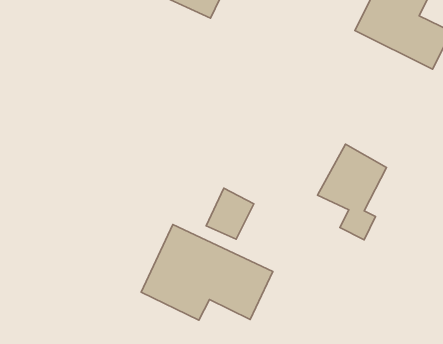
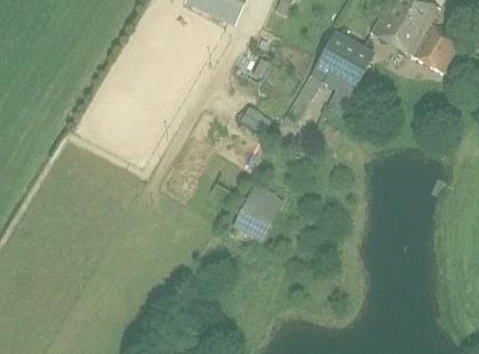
building: [318,144,386,240] -> [310,29,374,118]
building: [141,225,273,320] -> none

